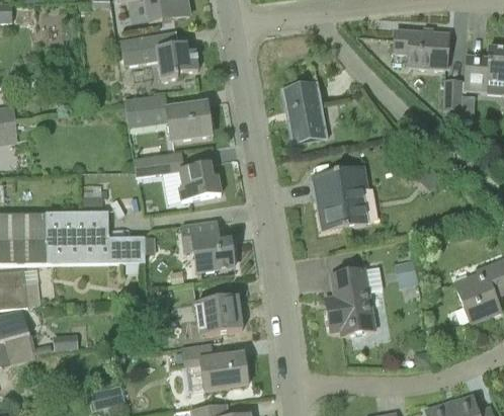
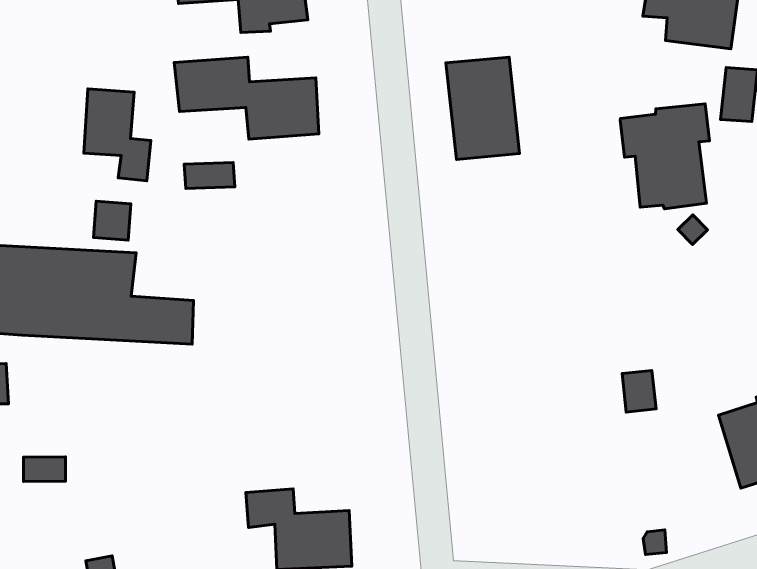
building: none -> [84,89,151,181]
building: [178,163,222,201] -> none
building: [314,165,367,228] -> [620,104,709,209]
building: [181,221,234,272] -> none
building: [327,266,383,335] -> none
building: [195,297,243,335] -> none

